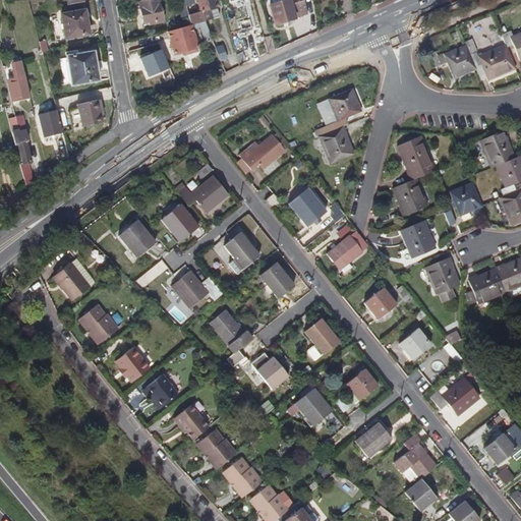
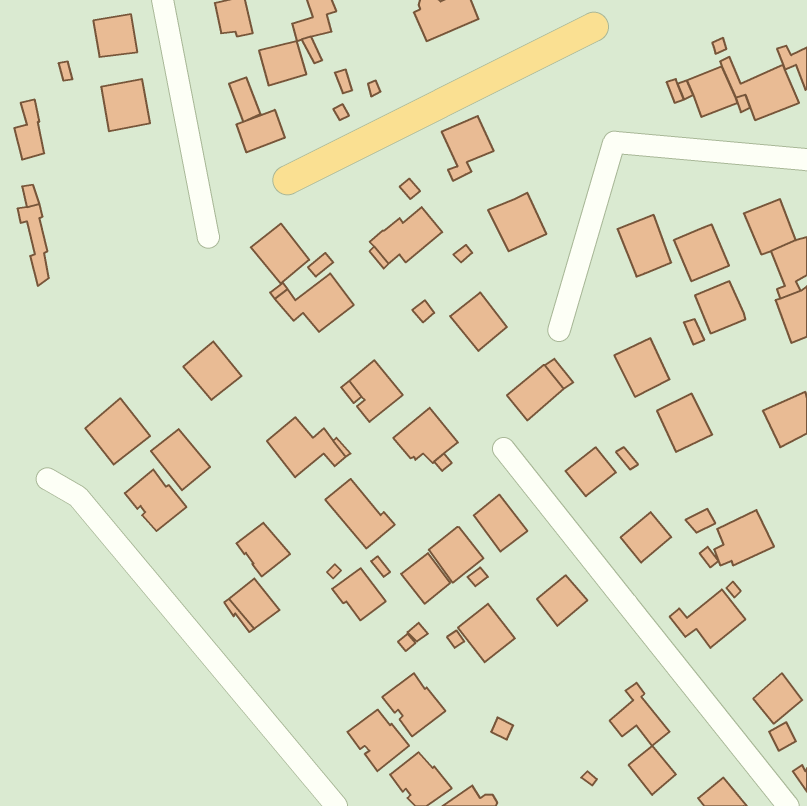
building: none -> [236,110,285,152]
building: [325,86,358,128] -> [442,116,494,181]
building: [77,100,102,126] -> none
building: [38,110,62,136] -> none
building: [391,176,426,213] -> [674,224,729,281]
building: [161,205,198,243] -> [251,224,309,284]
building: [464,265,503,300] -> [714,510,774,565]
building: none -> [151,429,210,490]
building: none -> [429,527,483,583]
building: [117,346,152,381] -> [236,523,290,576]
building: [175,405,210,439] -> [332,568,386,620]
building: [355,423,391,458] -> none
building: [196,428,237,469] -> [382,673,445,736]

